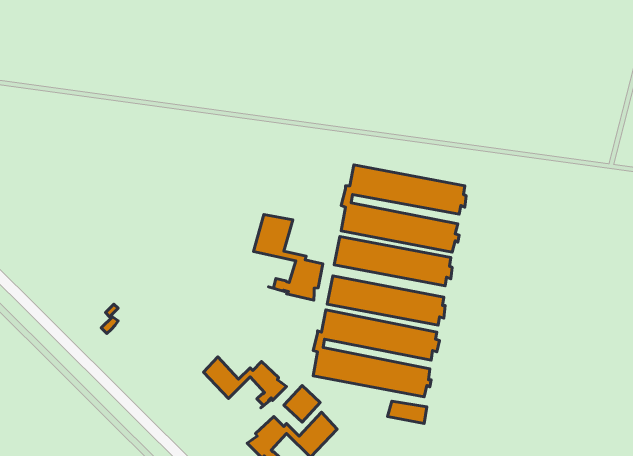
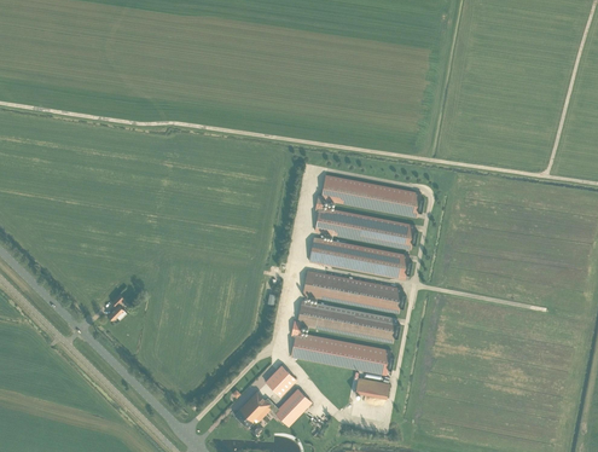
building: [254,214,323,300] -> none
building: [204,357,286,408] -> none

